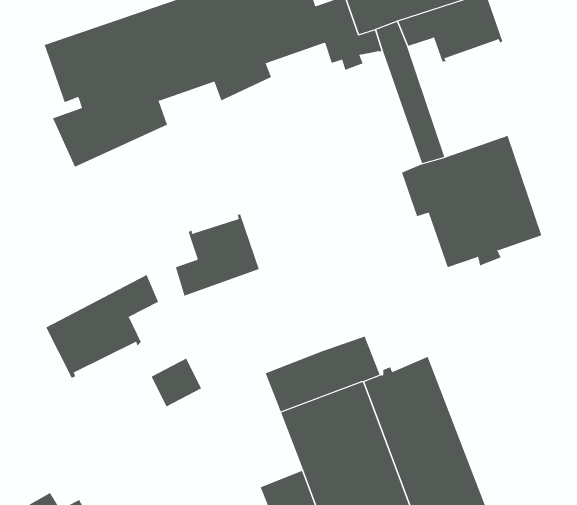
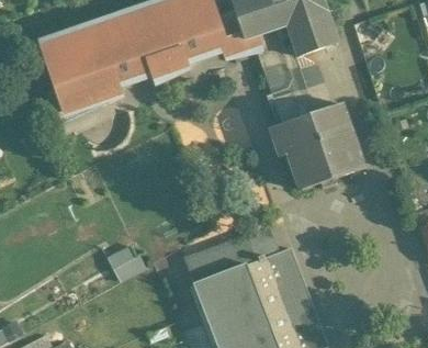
building: [175,214,260,296] -> none
building: [46,274,159,379] -> none

